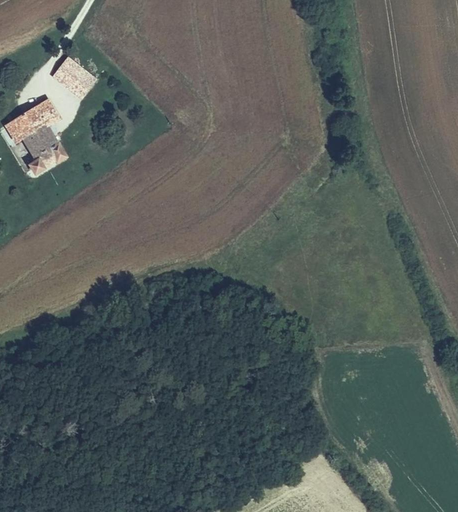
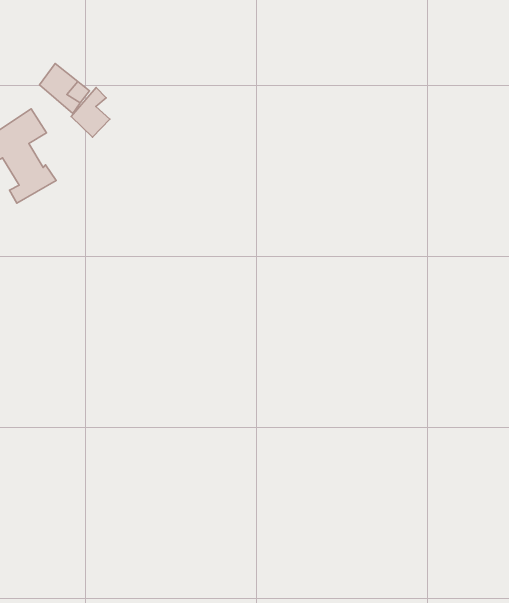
building: none -> [71,87,110,137]

